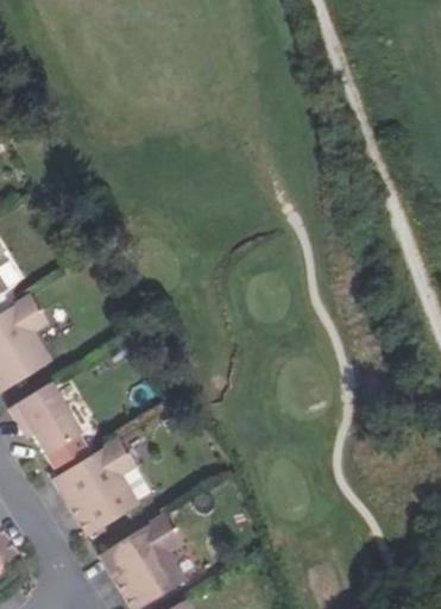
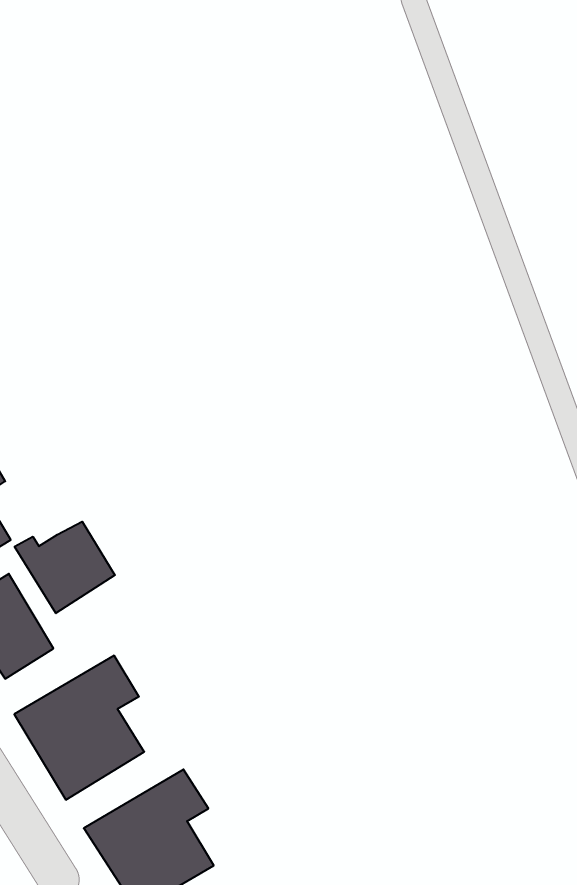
building: none -> [15,522,115,613]

